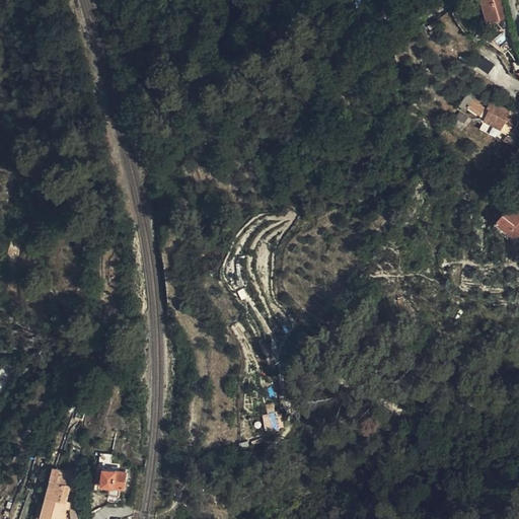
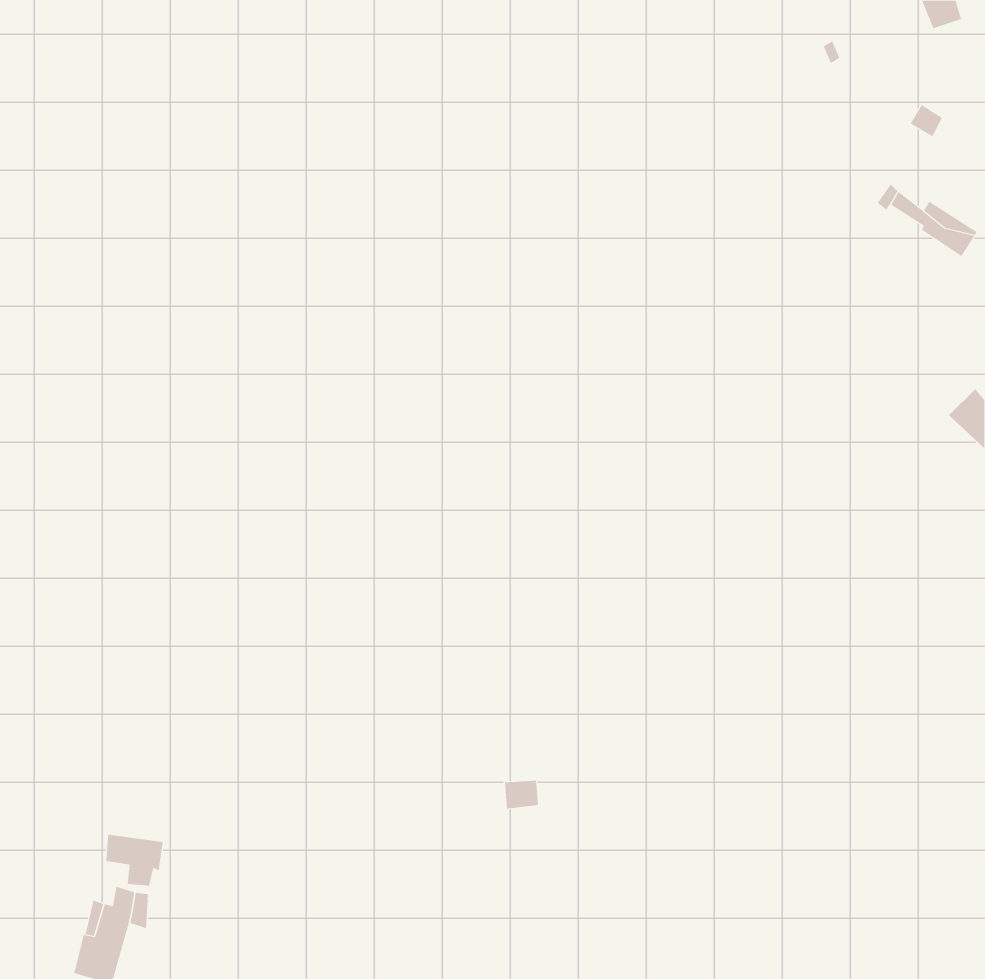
building: [96,464,127,492] -> [105,834,163,886]

